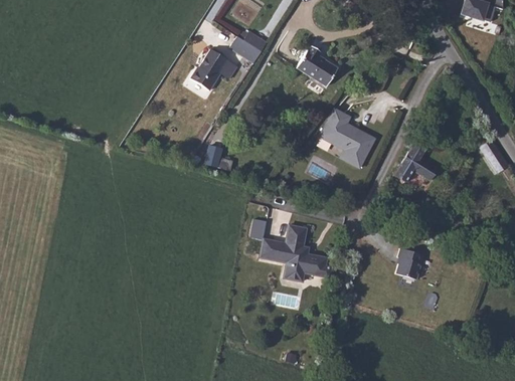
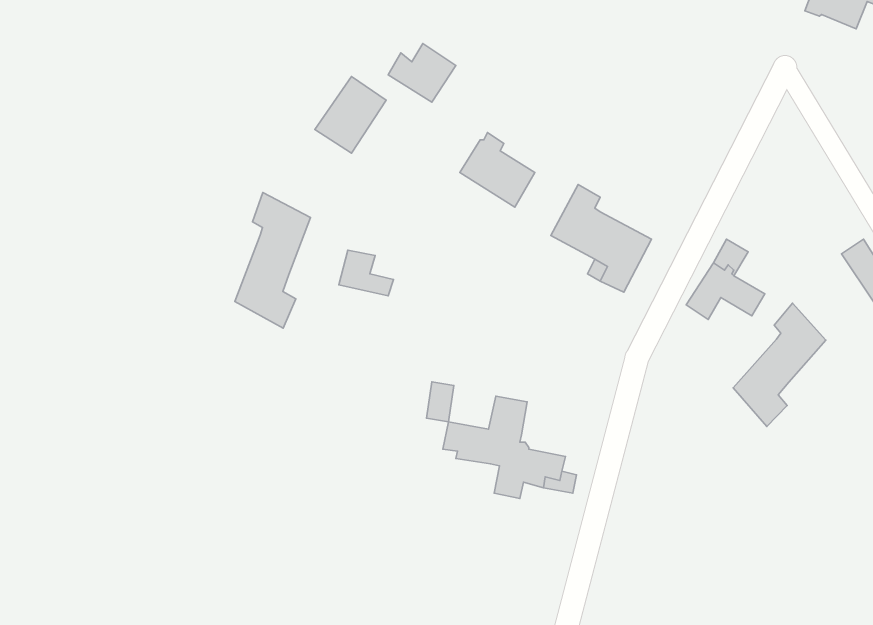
building: [297,45,338,86] -> [460,132,535,207]
building: none -> [235,193,310,328]
building: none -> [733,303,826,426]
building: [396,247,423,278] -> none

